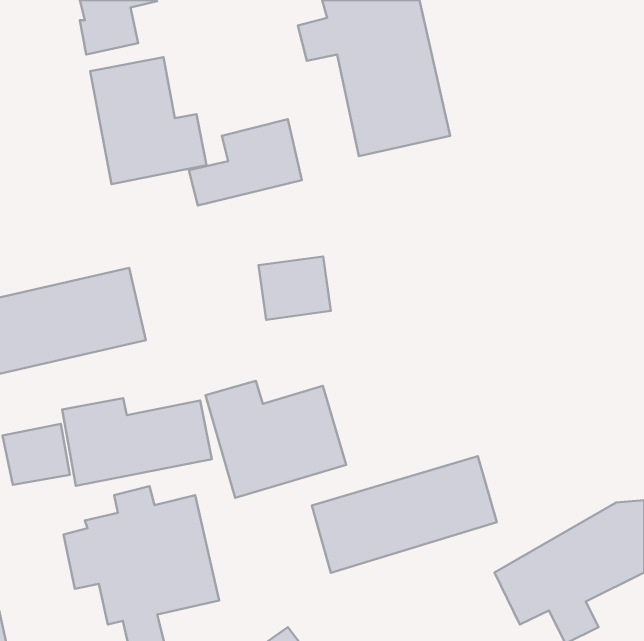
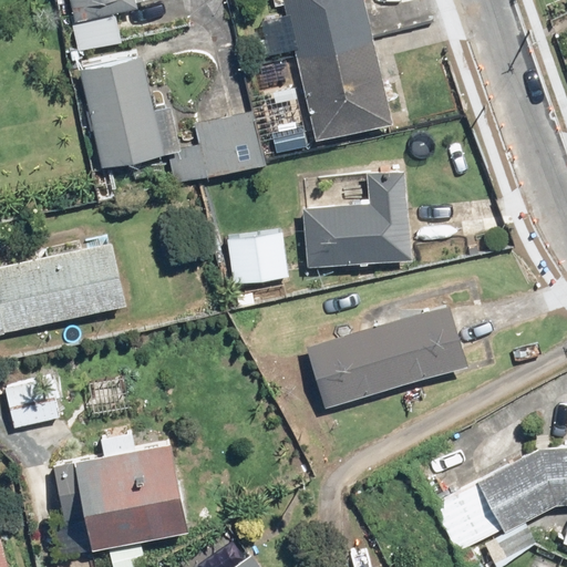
building: none -> [302,167,411,267]
building: [205,381,346,498] -> none
building: [62,398,212,486] -> none
building: [312,456,497,573] -> [306,305,467,406]

